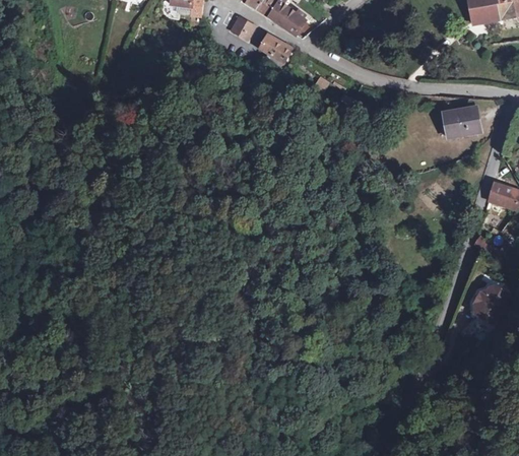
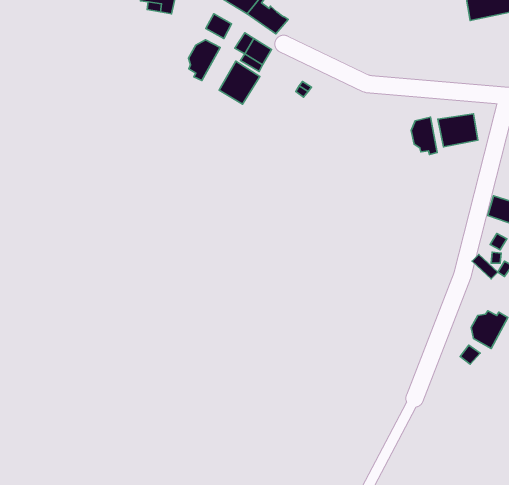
building: none -> [189,40,220,80]
building: none -> [219,61,260,104]
building: none -> [411,117,437,155]

